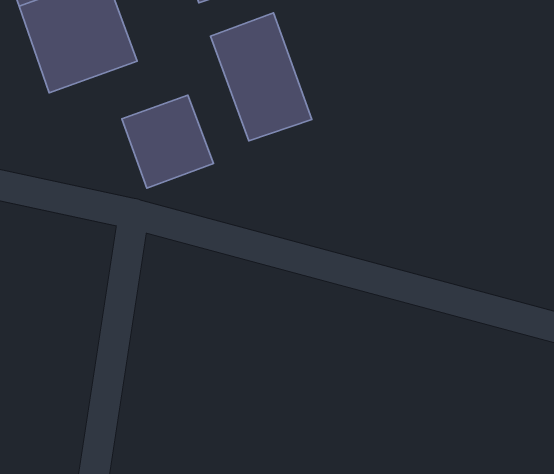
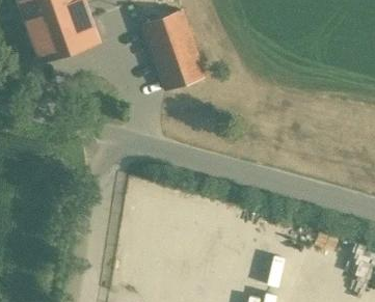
building: [122,95,214,188] -> none

